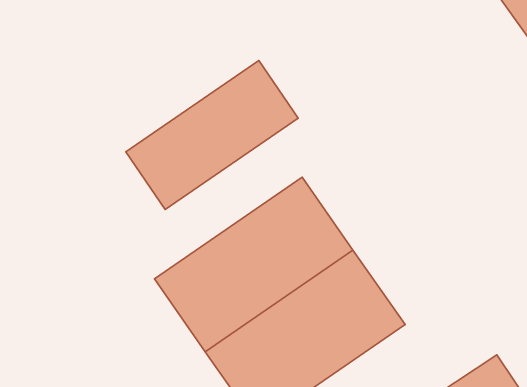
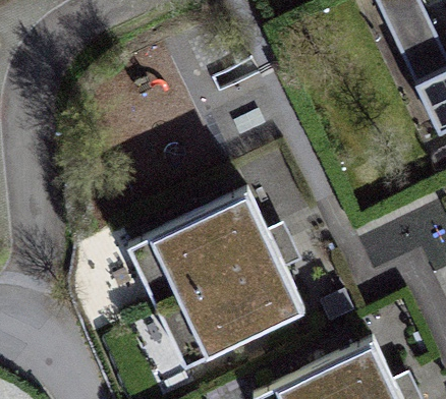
building: [126,60,298,210] -> none

